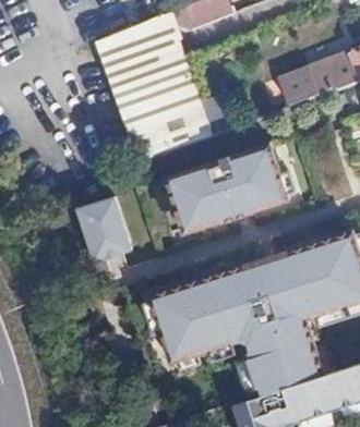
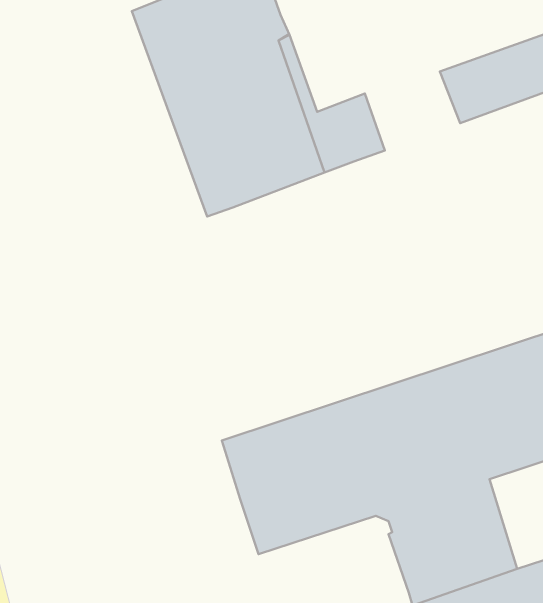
building: [163,144,287,235] -> none
building: [75,198,130,264] -> none

